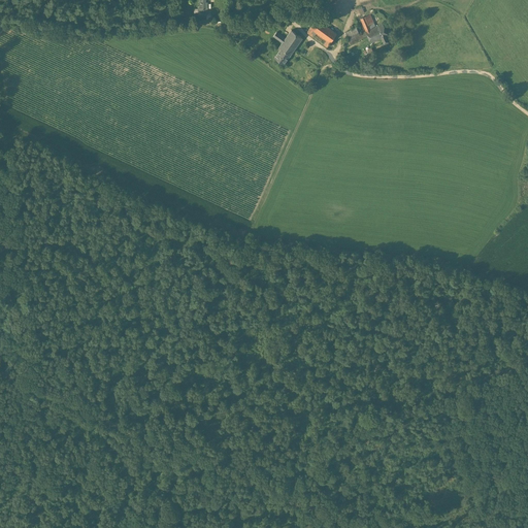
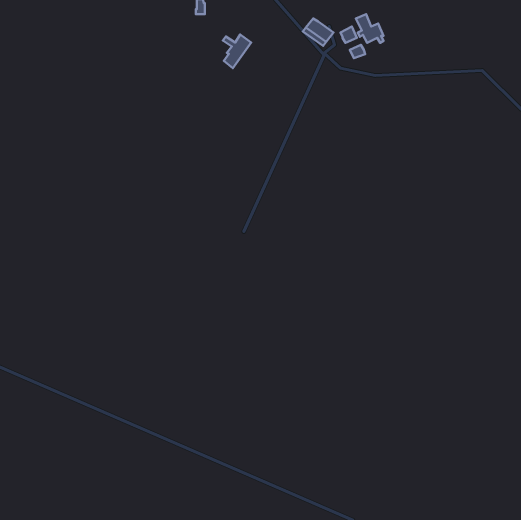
building: [273,30,302,64] -> [223,34,251,68]

